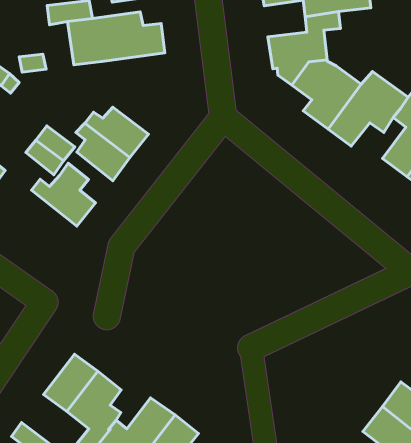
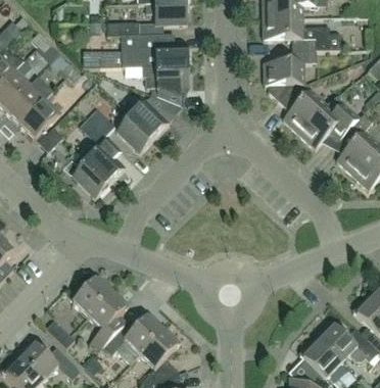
building: none -> [142,65,189,106]
building: none -> [73,153,110,198]

